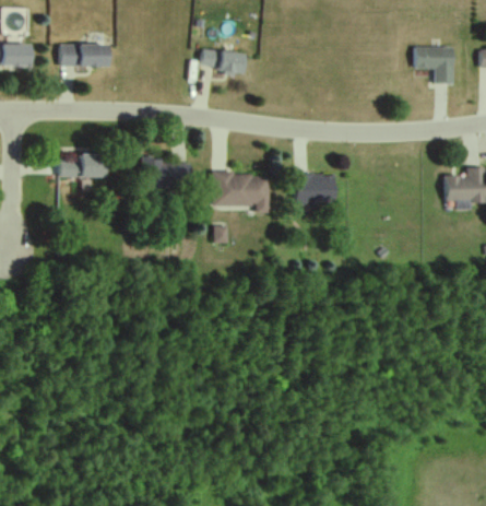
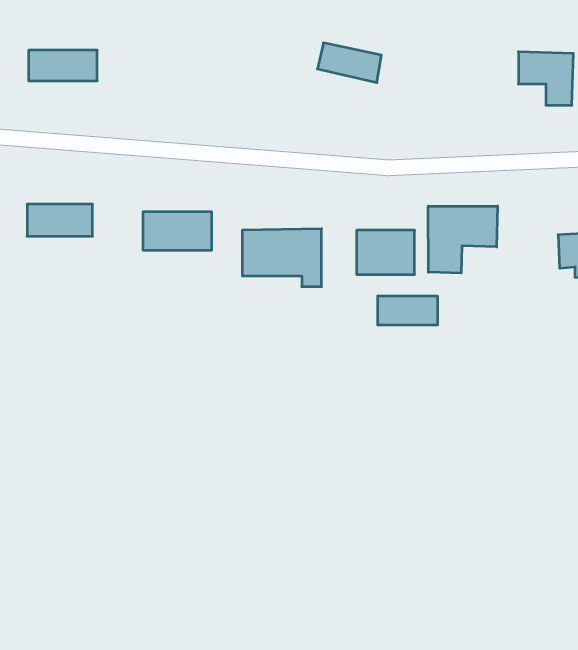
building: [202,47,248,75] -> [317,43,381,83]
building: none -> [428,206,498,273]
building: none -> [378,296,437,325]

